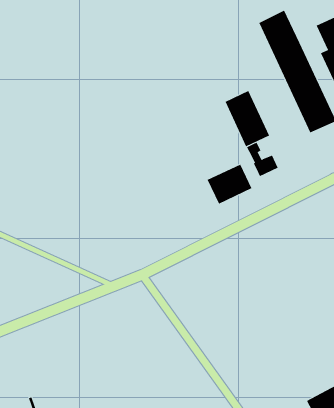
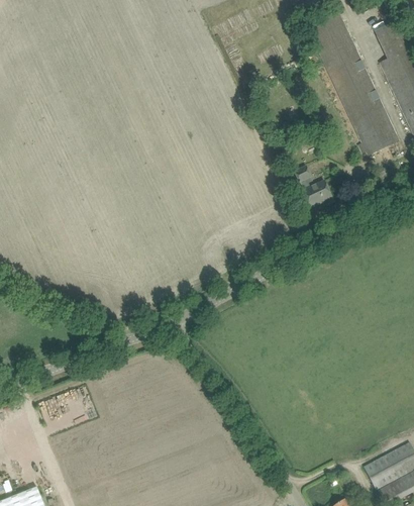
building: [225,90,270,147] -> none
building: [207,164,252,204] -> none

